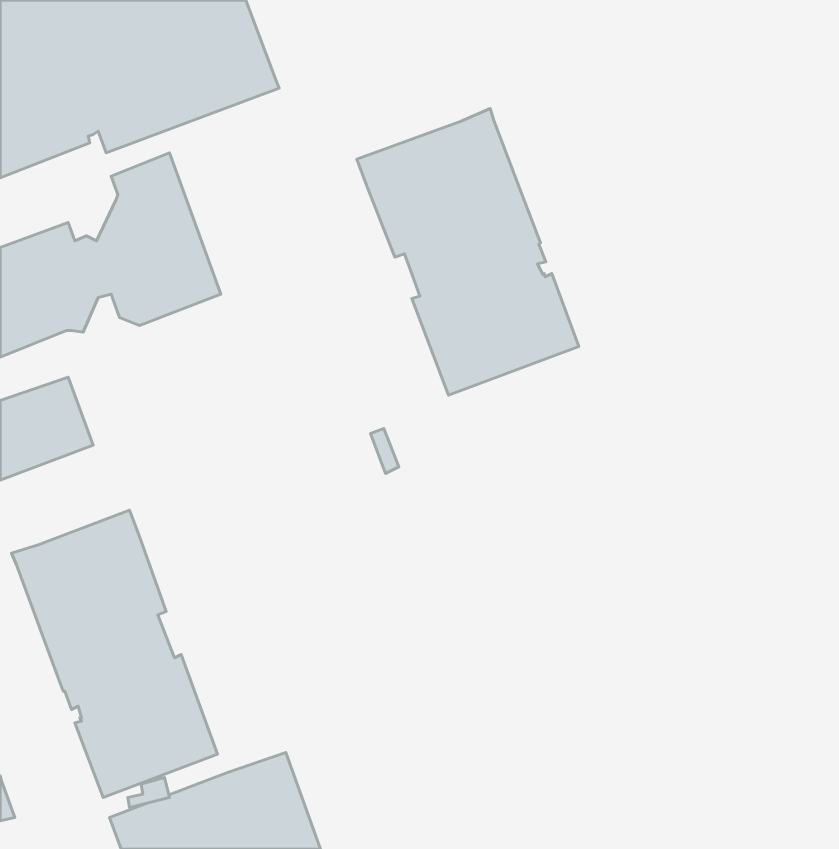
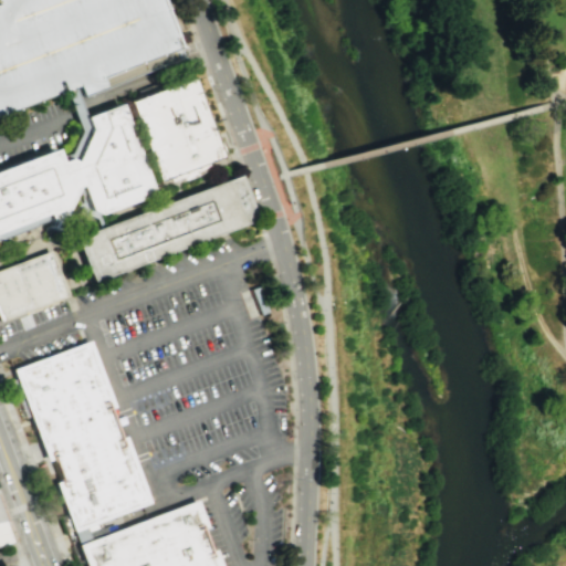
building: [357,109,579,395] -> none
building: none -> [124,74,229,187]
building: none -> [72,175,256,282]

